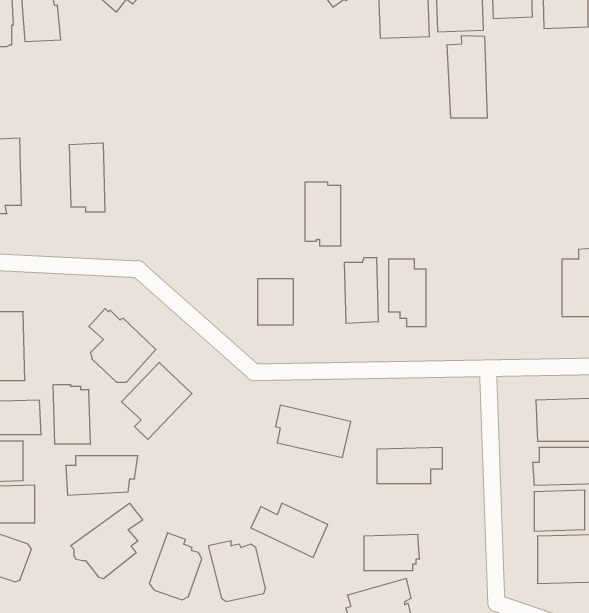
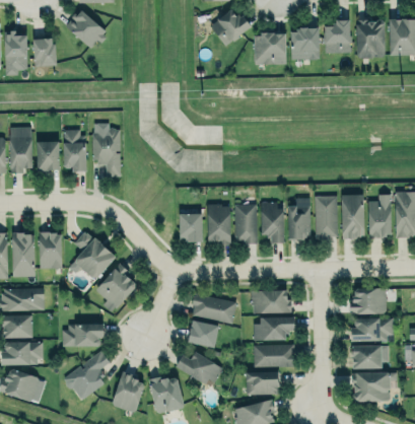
building: [447,36,487,118] -> none
building: none -> [93,129,121,176]
building: none -> [38,141,61,171]
building: [305,182,341,246] -> [208,205,230,244]
building: none -> [342,195,364,239]
building: none -> [316,196,338,240]
building: none -> [287,199,310,240]
building: [53,385,91,444] -> [40,232,63,269]
building: none -> [252,291,291,314]
building: none -> [189,319,219,346]
building: none -> [253,343,296,368]

